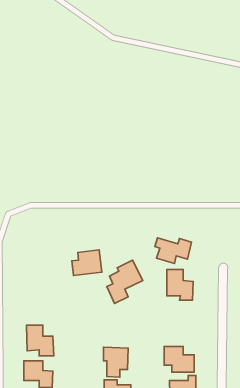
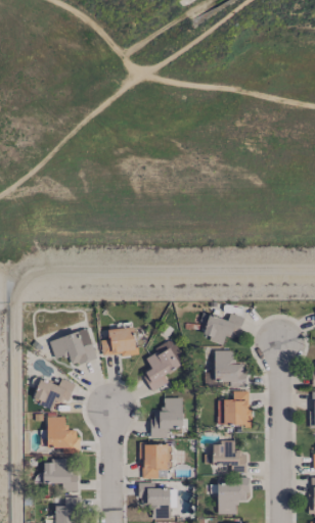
building: none -> [50,330,96,365]
building: none -> [33,378,76,409]
building: none -> [218,390,253,425]
building: none -> [151,397,183,438]

